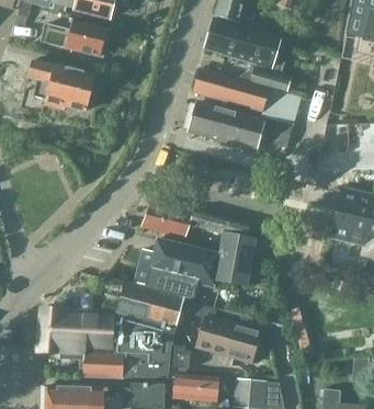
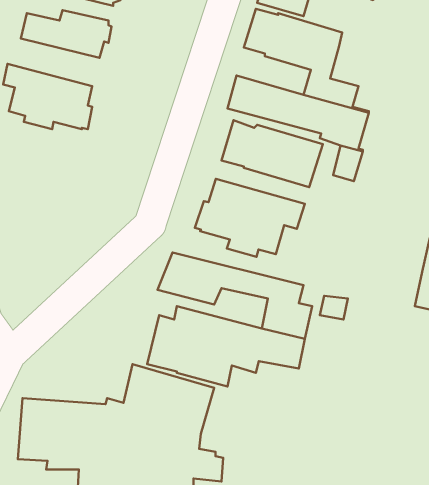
building: none -> [195,179,305,257]
building: [194,305,268,364] -> none

